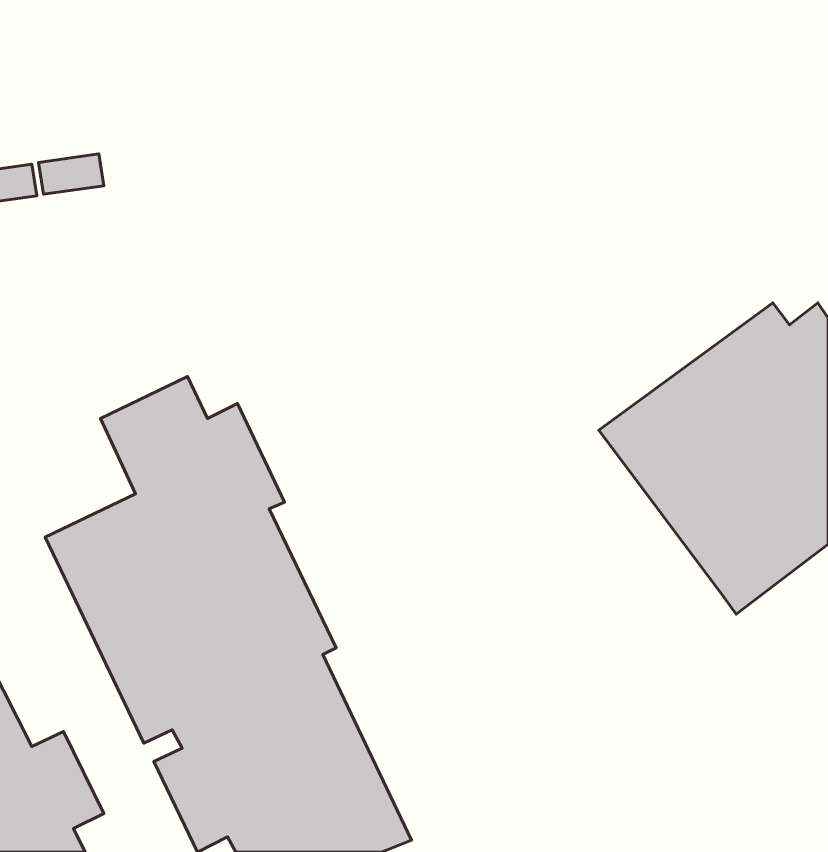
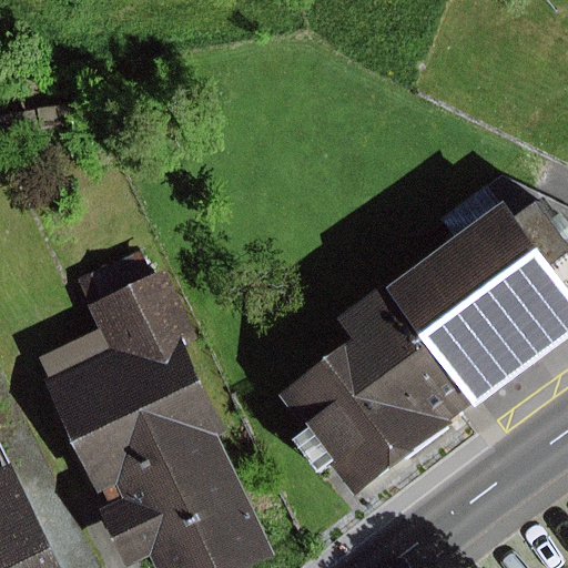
building: none -> [280,276,480,496]

